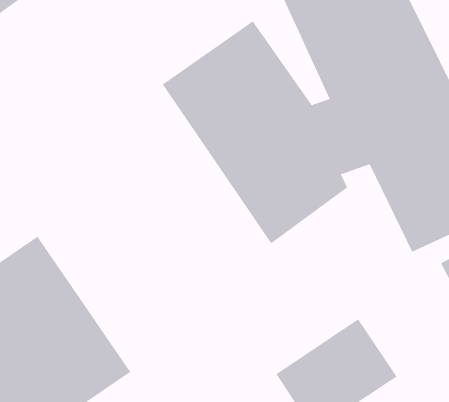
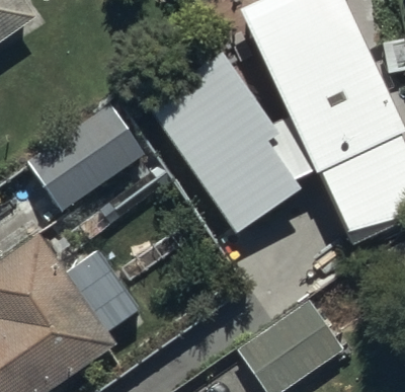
building: none -> [22,104,141,216]

